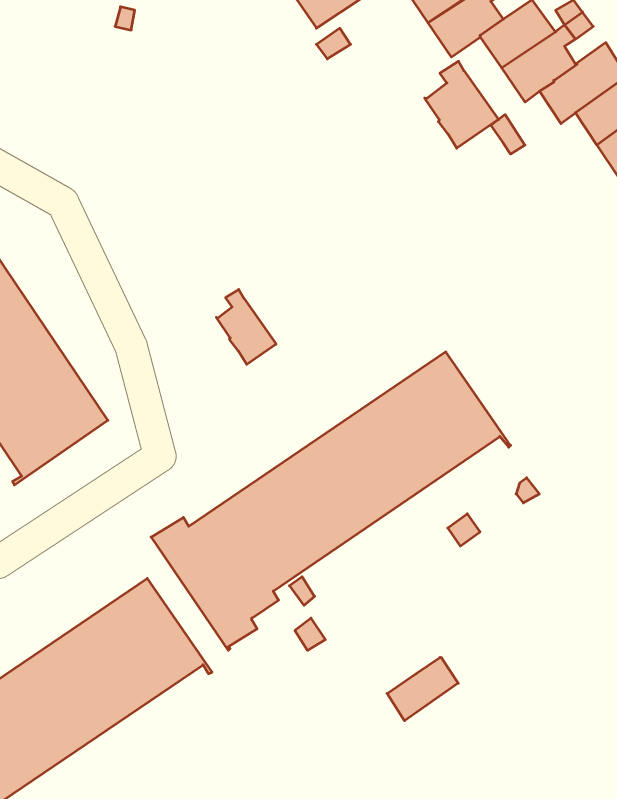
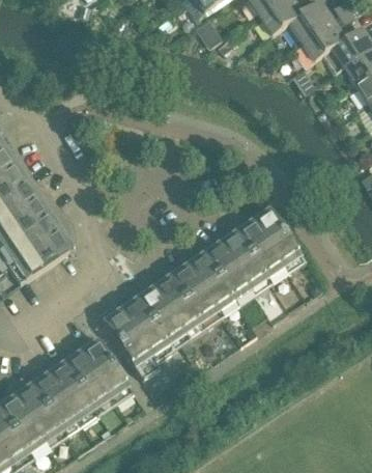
building: [425,61,499,148] -> none
building: [216,289,276,364] -> none
building: [387,657,458,721] -> none

